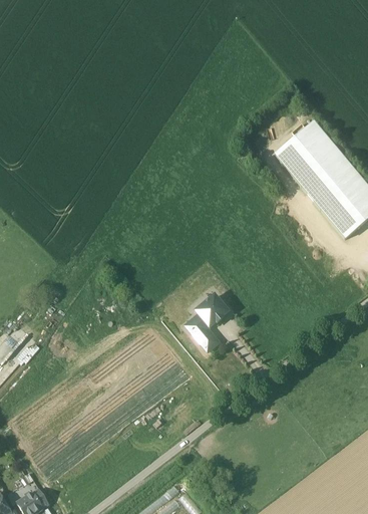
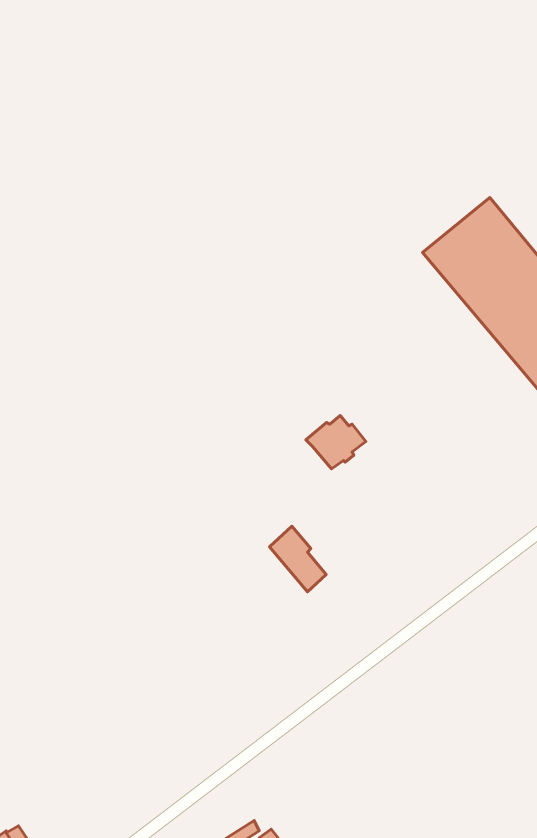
building: [196,295,231,326] -> [306,416,366,469]

